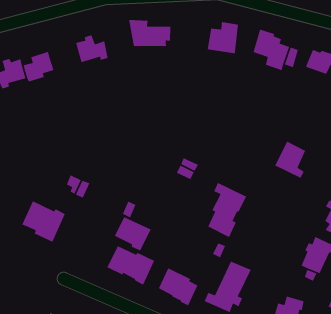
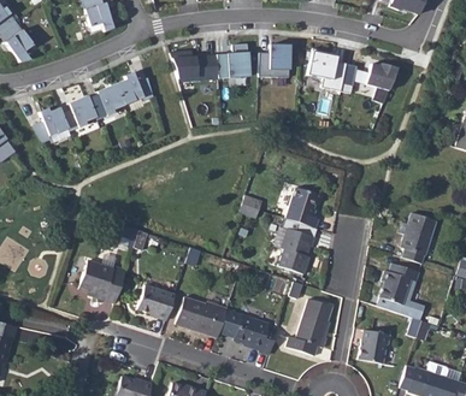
building: none -> [217,42,249,77]
building: none -> [90,83,124,119]
building: [274,141,306,179] -> [284,188,318,227]
building: [114,216,152,251] -> [135,283,175,319]

